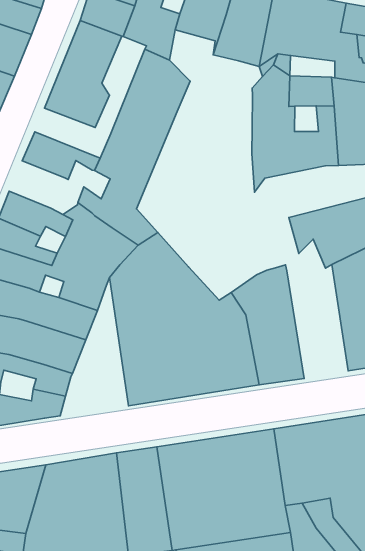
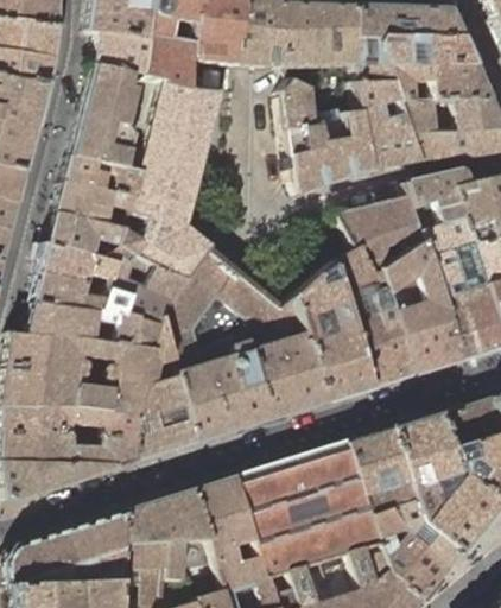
building: none -> [68,156,144,197]
building: none -> [51,211,125,254]
building: none -> [328,246,416,386]
building: none -> [135,315,202,460]

